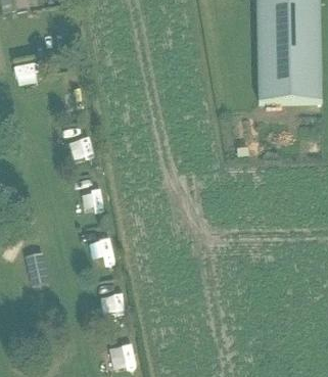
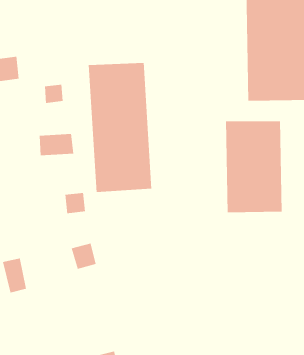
building: none -> [88,62,152,193]
building: none -> [225,120,282,213]

